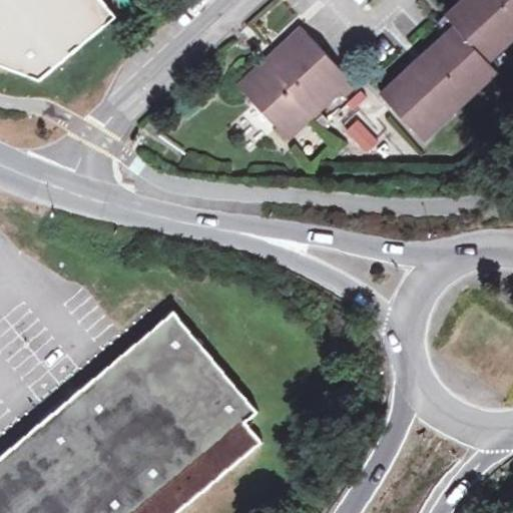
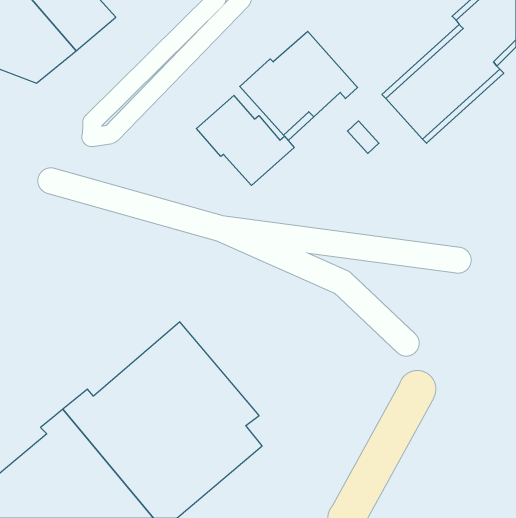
building: none -> [196,95,294,185]

